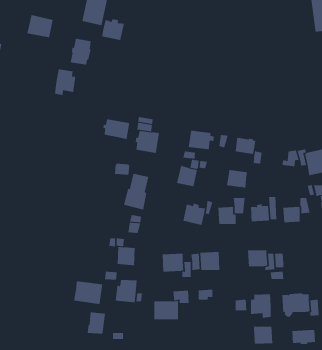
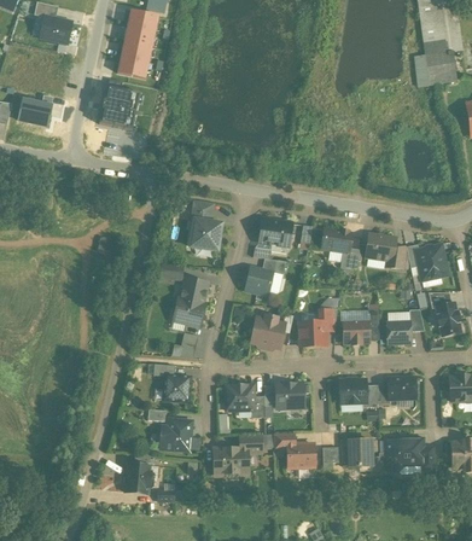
building: [26,15,53,38] -> [16,97,52,128]
building: [101,19,125,41] -> none
building: [55,68,76,96] -> none
building: [103,119,130,140] -> none
building: [226,169,248,188] -> [366,234,395,260]
building: none -> [387,377,415,399]
building: [73,280,103,305] -> none
building: [253,326,273,344] -> [287,443,314,467]
building: [292,329,315,345] -> none

